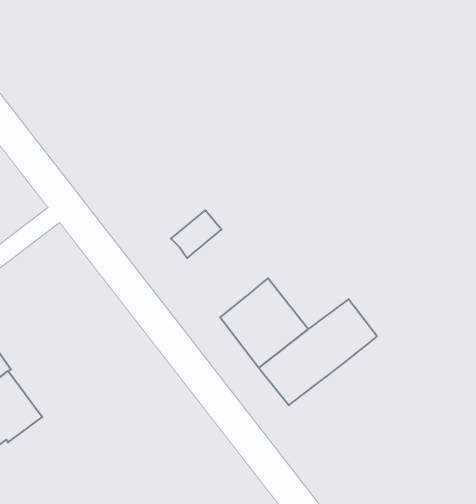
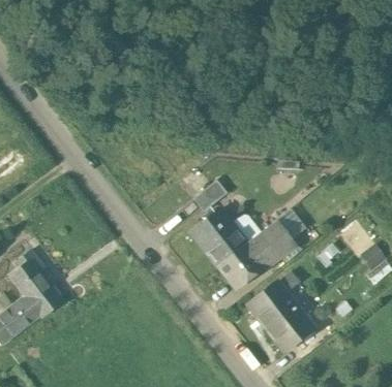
building: [171,210,222,258] -> [193,180,229,213]
building: none -> [244,279,318,355]

